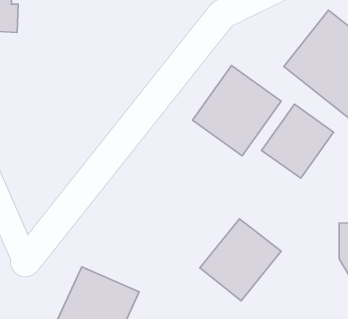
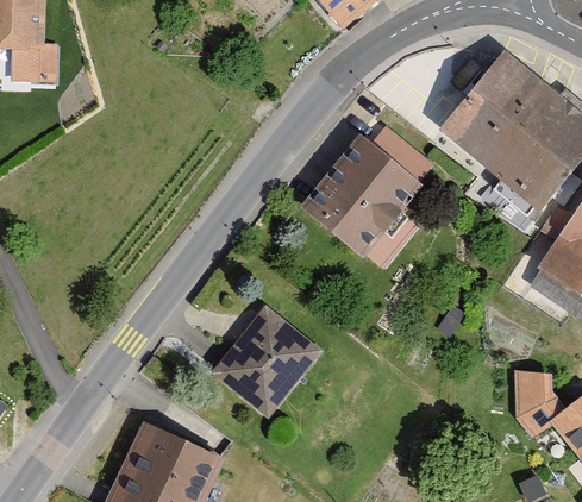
building: [262,104,334,178] -> none
building: [200,219,281,301] -> [208,302,325,420]

